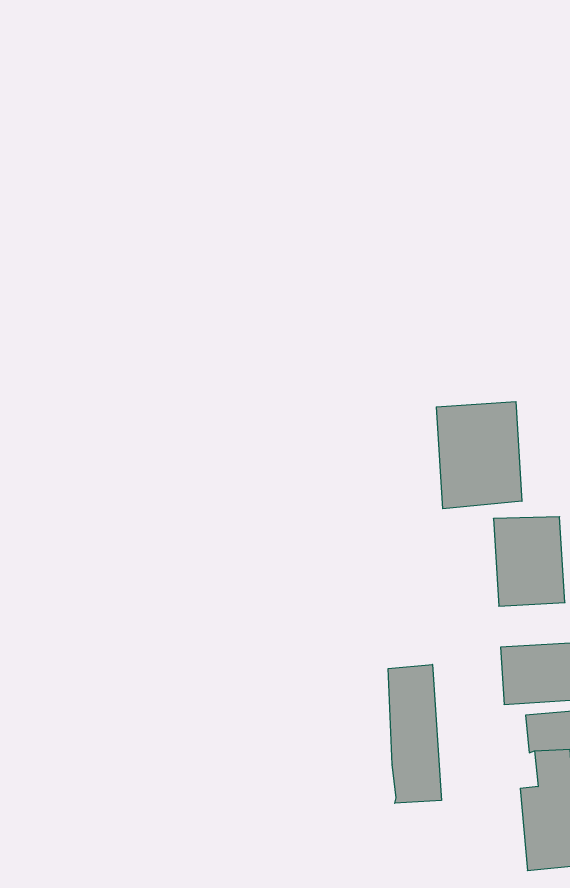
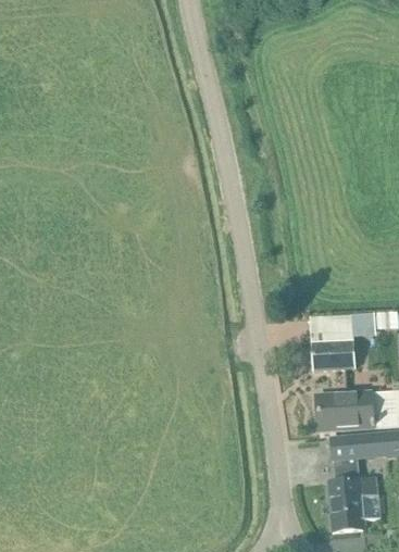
building: [436,402,522,509] -> none
building: [388,664,441,803] -> none

